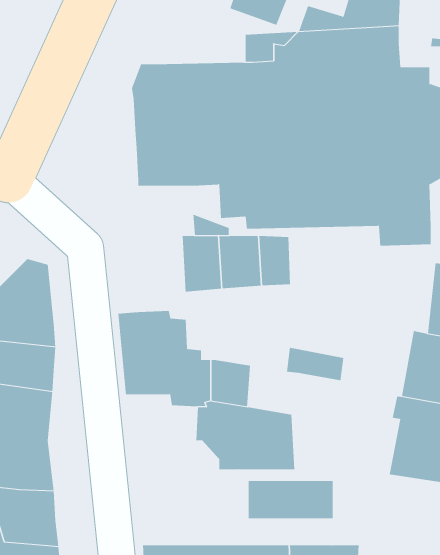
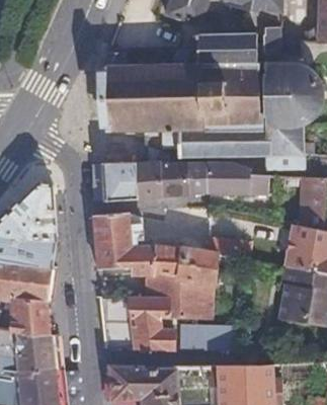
building: none -> [106,162,140,201]
building: none -> [209,163,268,194]
building: none -> [181,248,215,280]
building: none -> [103,297,177,349]

